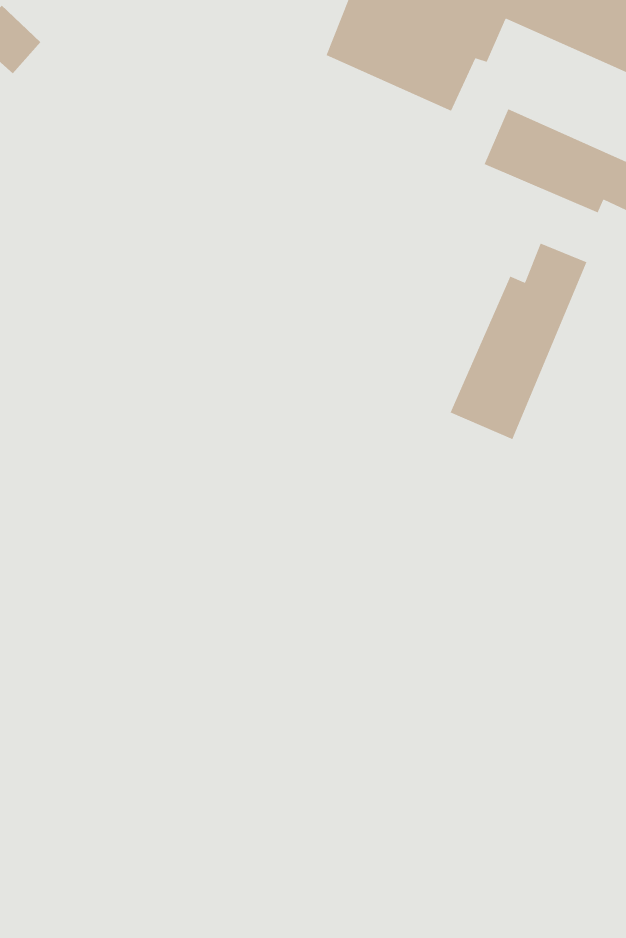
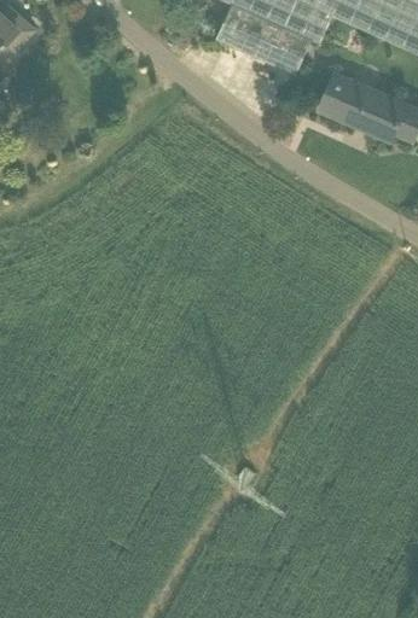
building: [449,242,587,440] -> none

